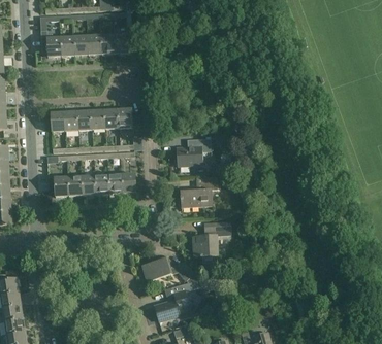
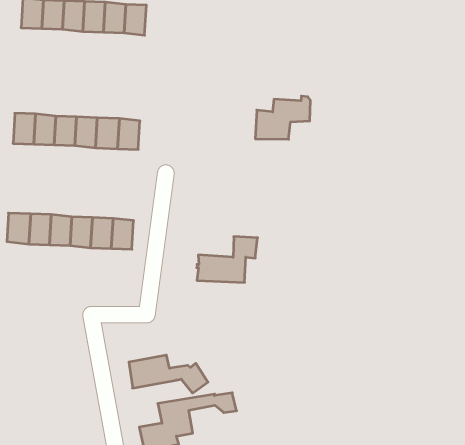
building: [177,135,212,166] -> [255,96,310,139]
building: [191,220,231,262] -> none

